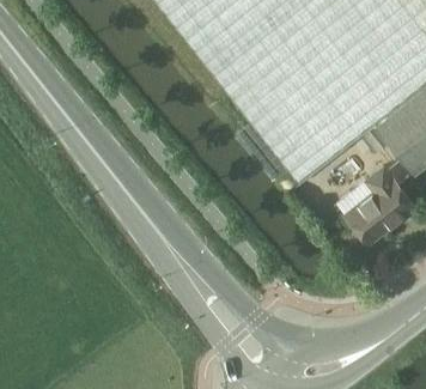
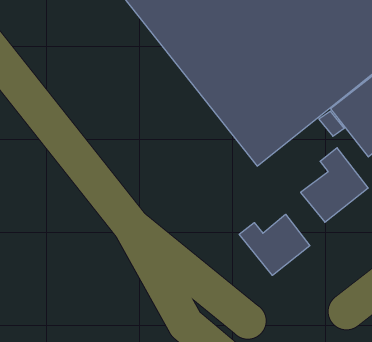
building: none -> [239,214,310,275]

